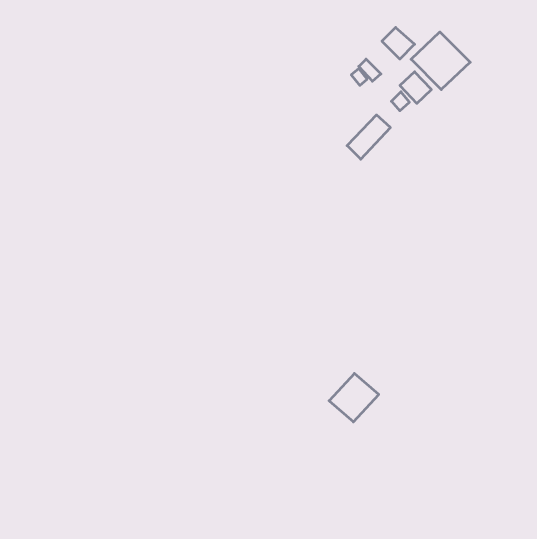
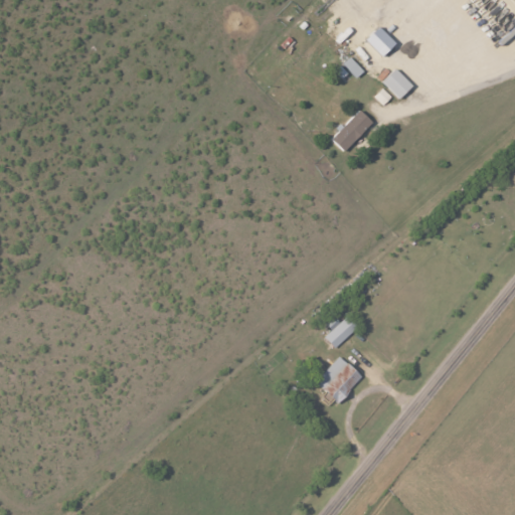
building: [411,32,470,90] -> none
building: none -> [326,316,359,347]

